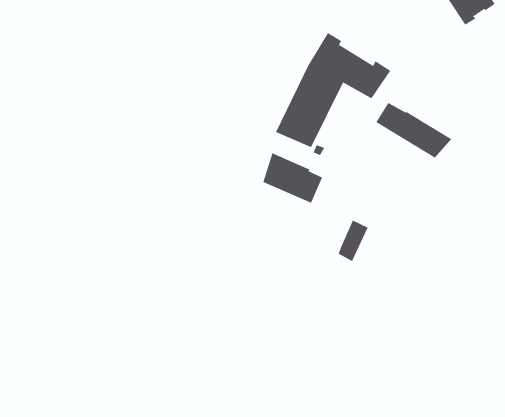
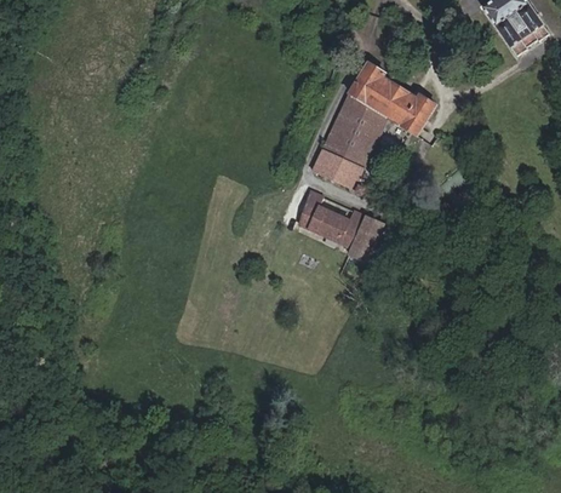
building: [376,102,452,158] -> none
building: [338,220,368,262] -> [349,216,382,260]

